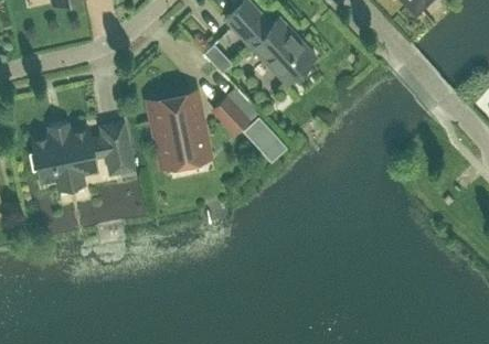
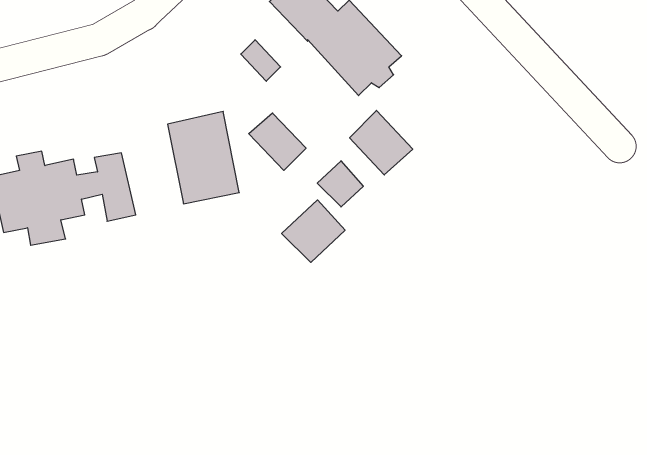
building: none -> [350,110,413,175]
building: none -> [282,200,345,262]

